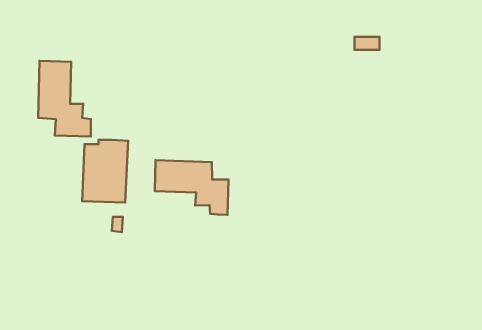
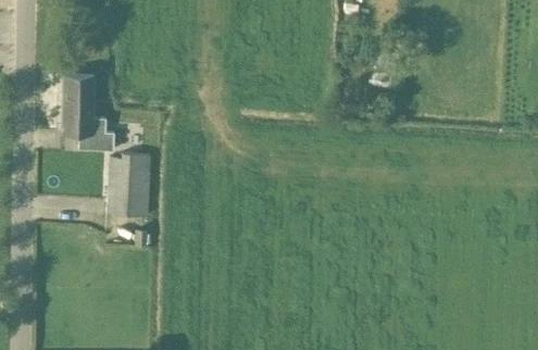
building: [155,160,228,215] -> none

